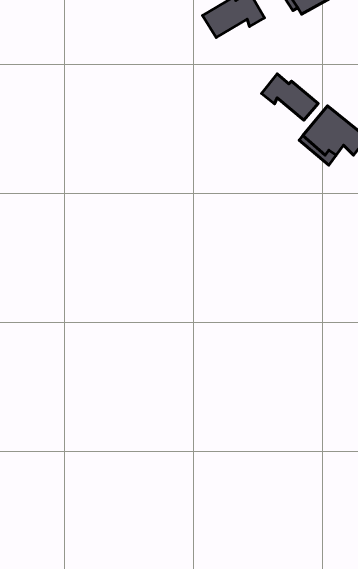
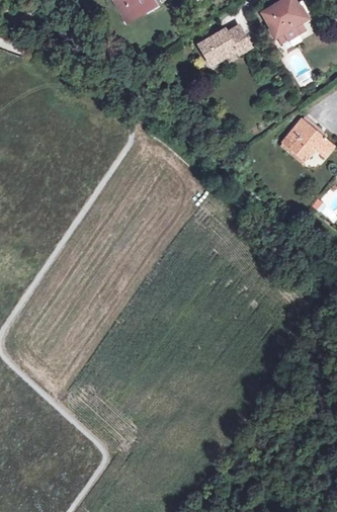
building: [262,74,318,120] -> none

